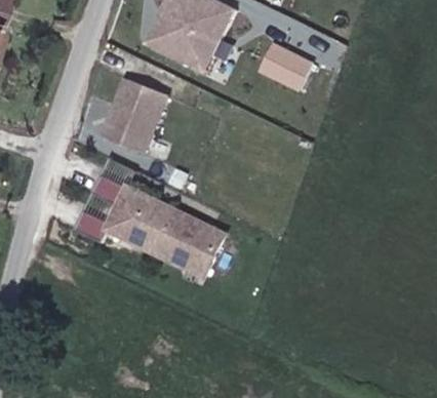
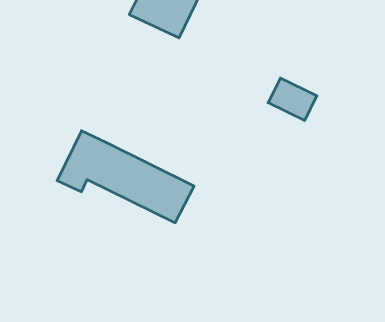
building: [260,43,313,89] -> [268,78,317,120]
building: [100,78,167,153] -> none

